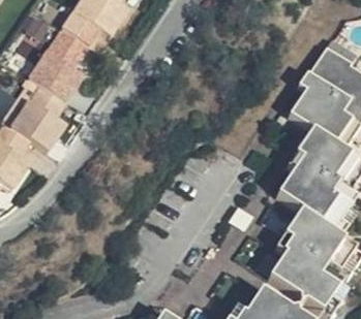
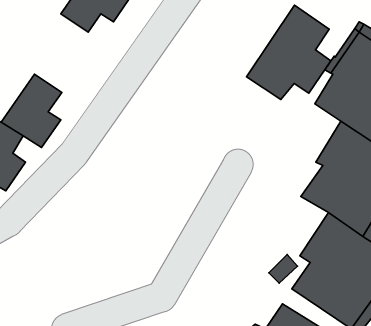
building: none -> [247,5,331,99]
building: [27,30,85,101] -> none

